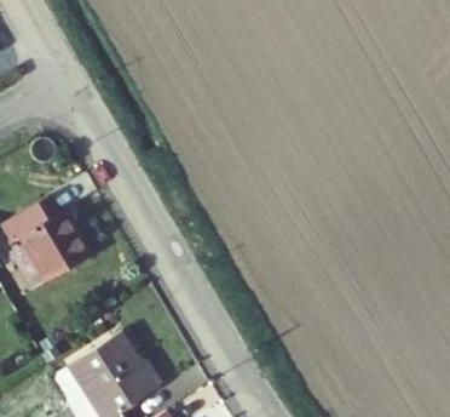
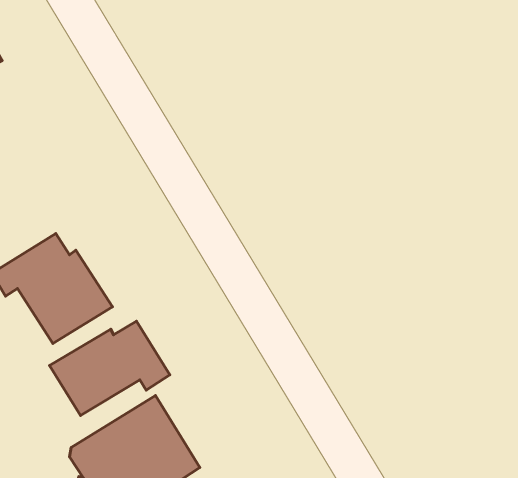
building: none -> [50,321,170,415]

